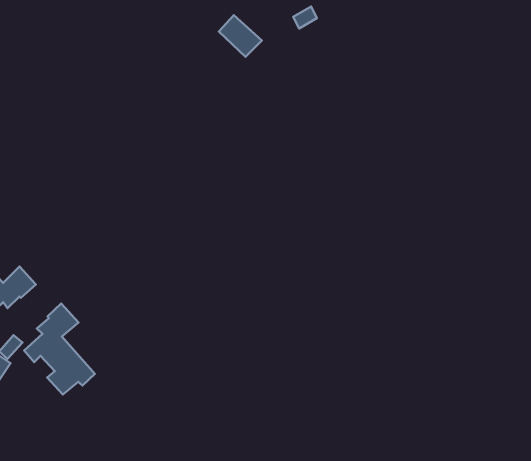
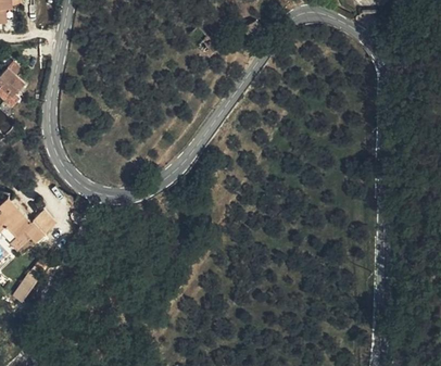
building: [24,304,95,395] -> none

